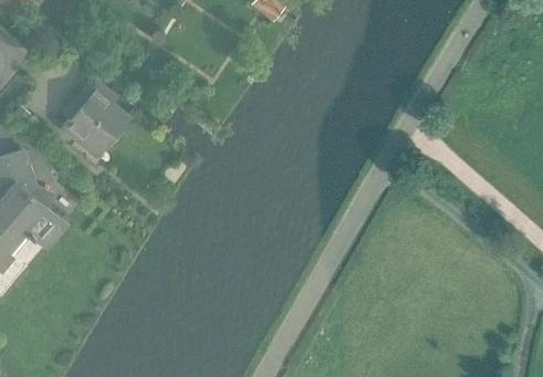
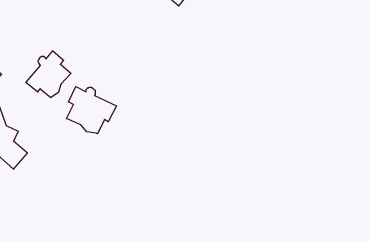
building: none -> [66,87,117,134]

